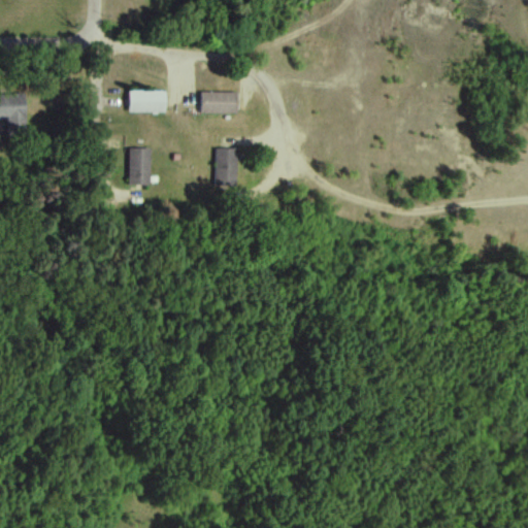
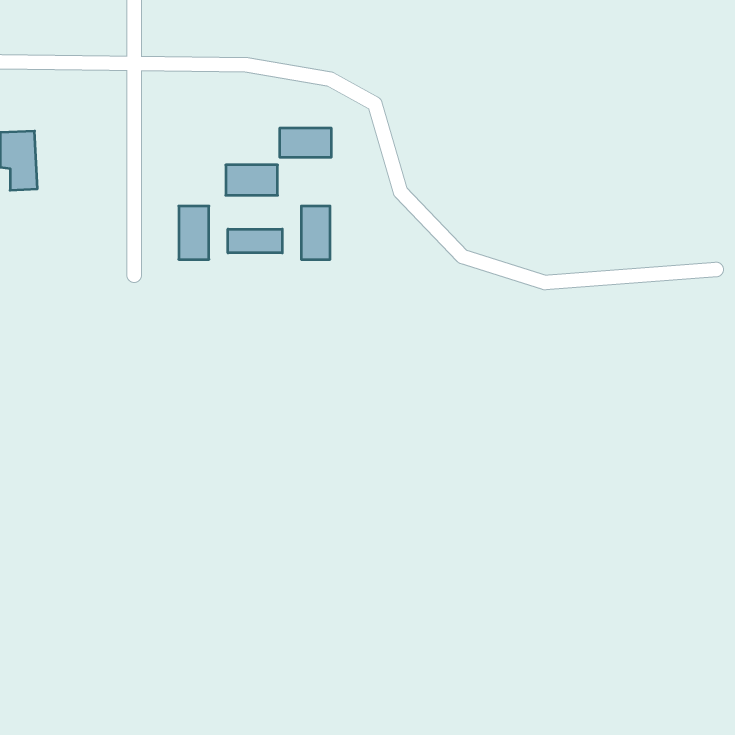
building: [129,90,166,111] -> [226,165,278,195]
building: none -> [228,229,282,253]

